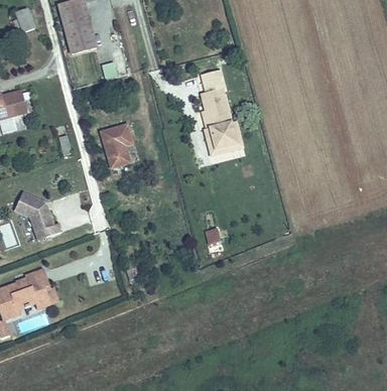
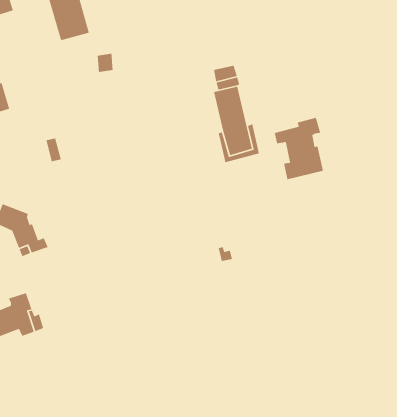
building: none -> [274,117,324,180]
building: [102,124,133,167] -> none

